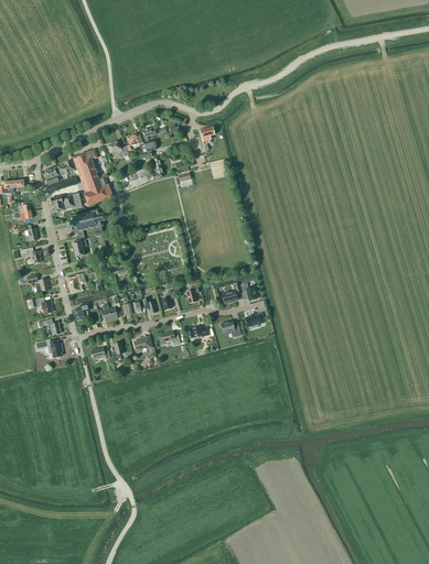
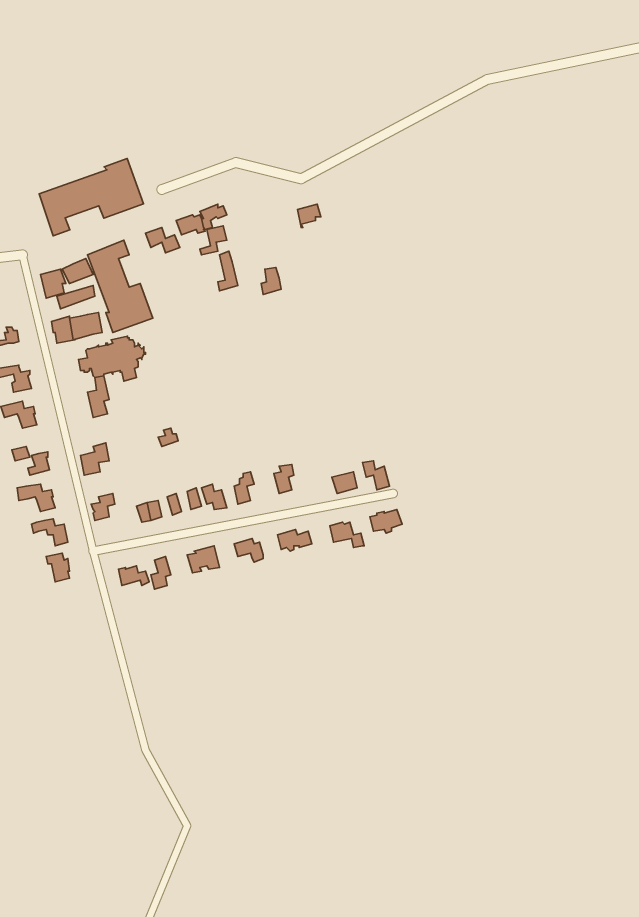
building: none -> [39,158,144,236]

